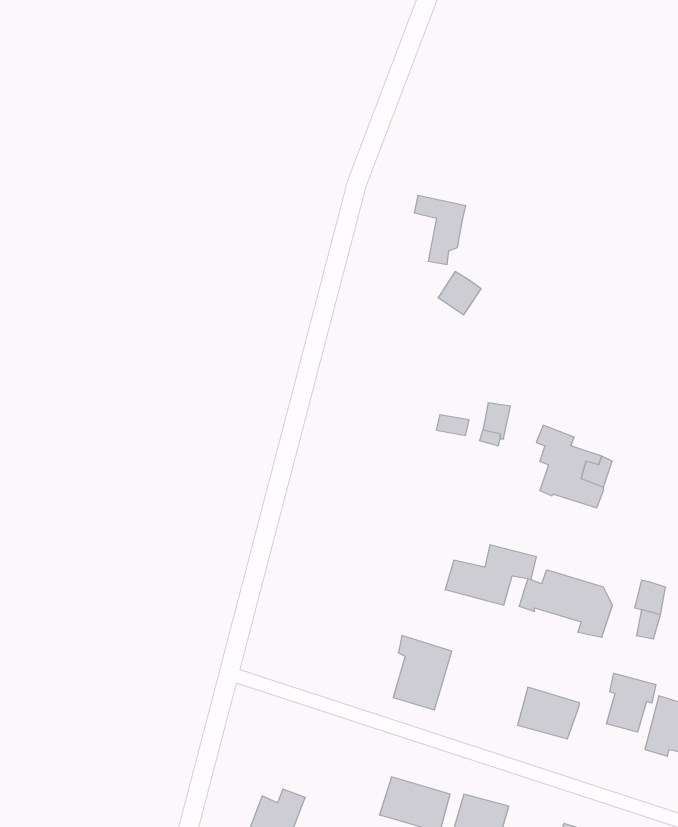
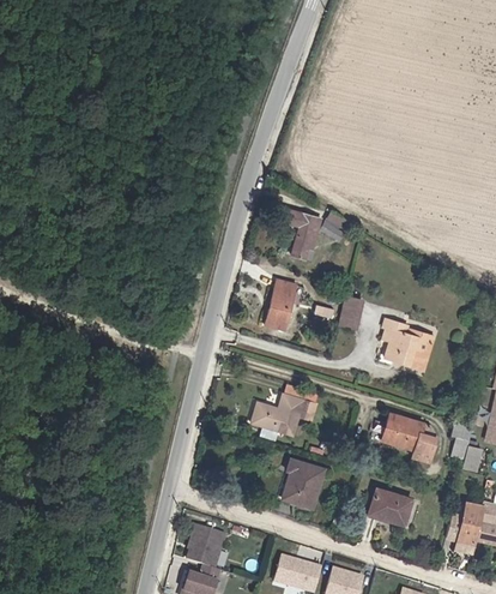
building: [414,196,466,265] -> [278,205,314,253]
building: none -> [262,276,295,328]
building: [445,545,536,605] -> [254,391,317,433]
building: [606,673,656,732] -> none
building: none -> [188,523,228,568]

